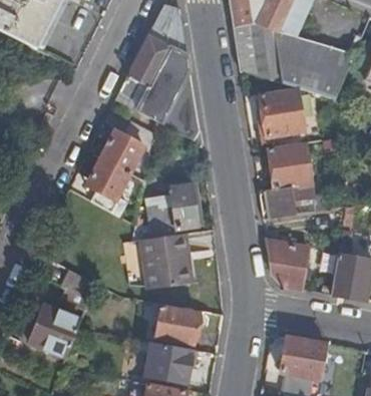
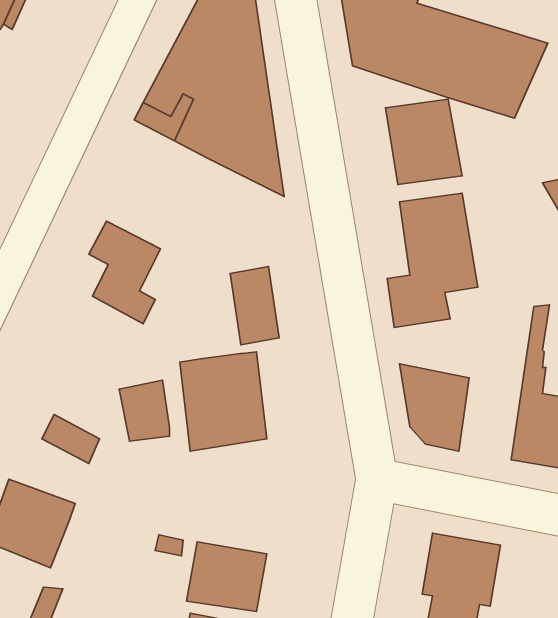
building: [99,120,154,173] -> none
building: [147,202,176,237] -> [119,380,170,441]
building: [155,306,199,344] -> none

